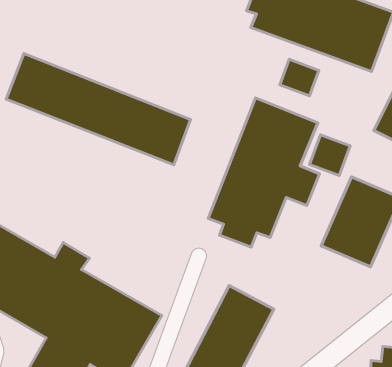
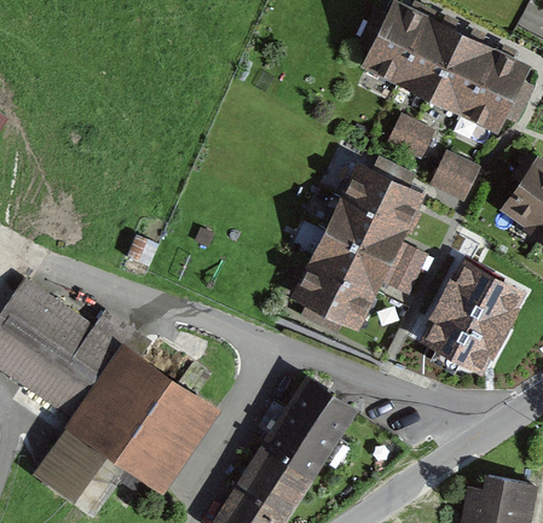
building: [6,53,191,165] -> none
building: [309,135,350,175] -> [428,151,480,203]

